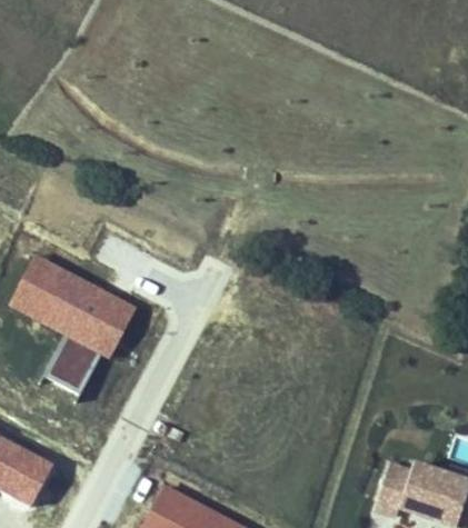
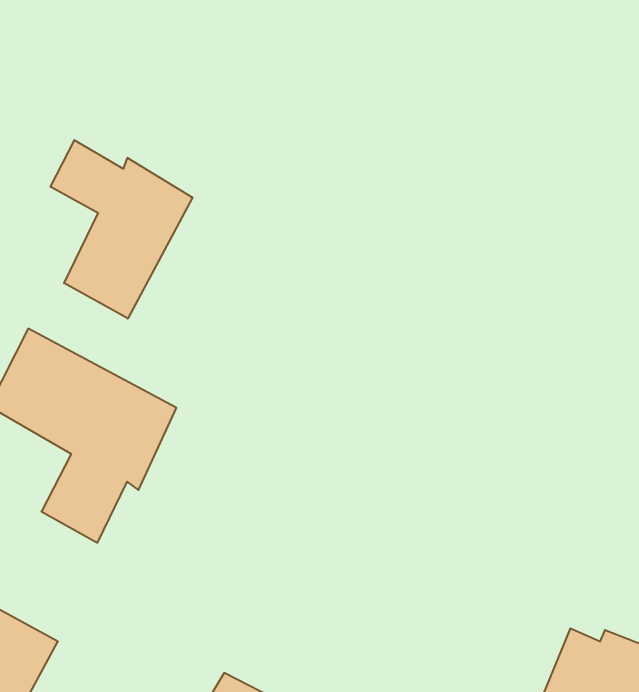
building: none -> [51,140,192,319]

